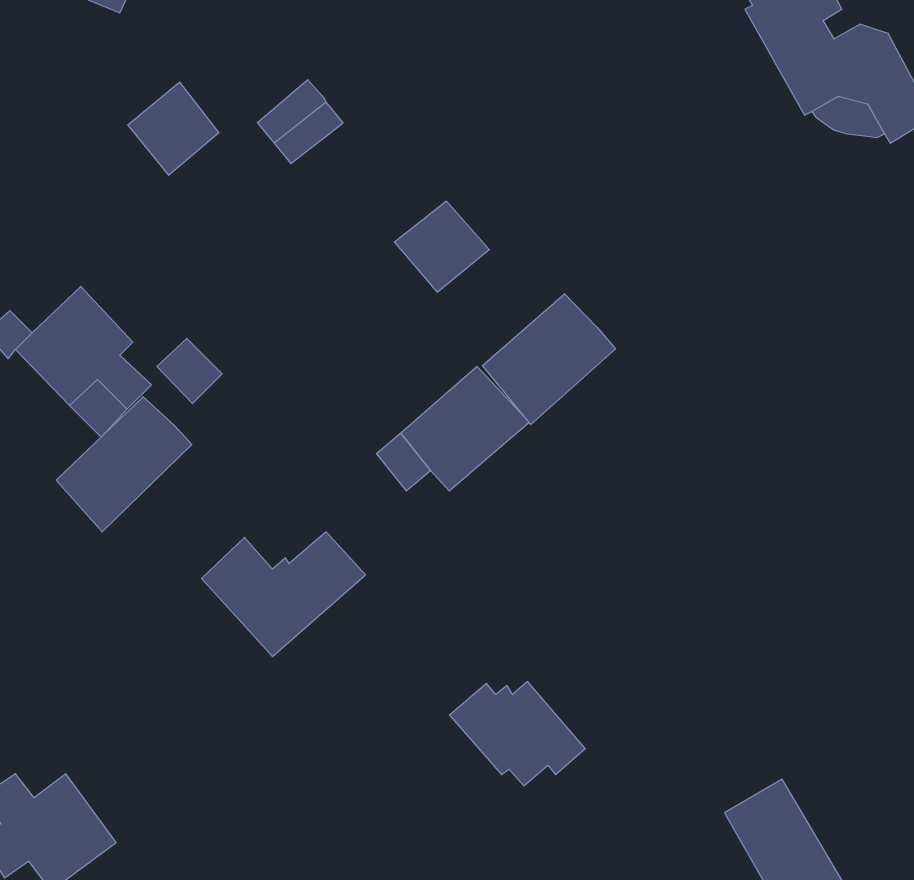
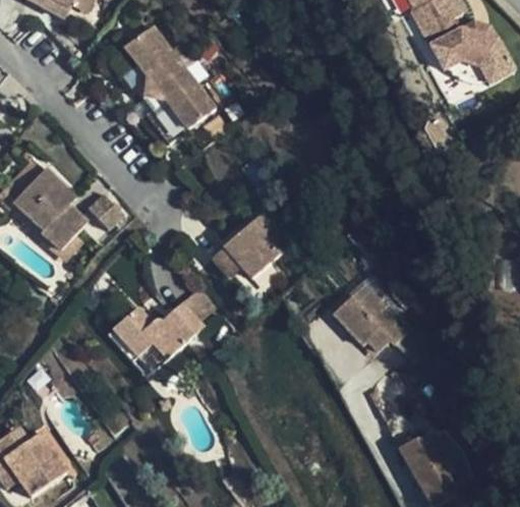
building: [128,82,219,175] -> [123,25,173,76]
building: [394,201,489,292] -> [164,76,216,126]
building: [483,294,615,424] -> none
building: [56,397,192,532] -> none
building: [449,682,585,786] -> [330,296,404,353]

